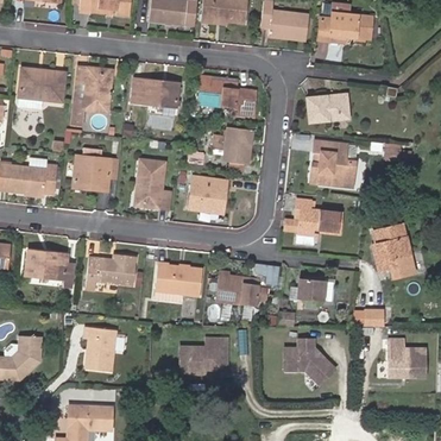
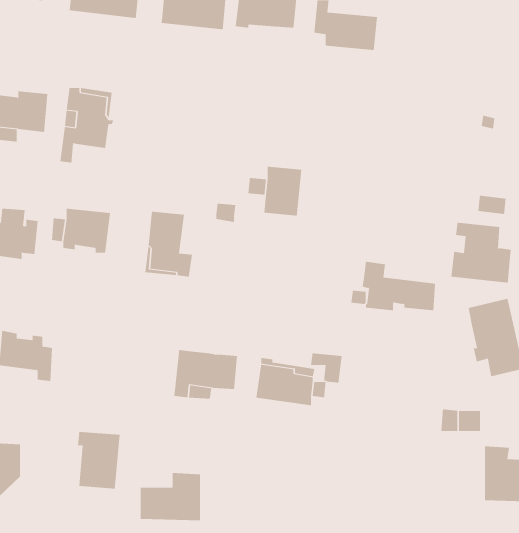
building: [317,14,371,43] -> none
building: [196,76,254,112] -> none
building: [131,78,177,106] -> none
building: [308,93,351,121] -> none
building: [310,140,355,185] -> [450,222,512,283]
building: [188,176,227,213] -> none
building: [87,251,138,288] -> none
building: [300,276,327,298] -> none
building: [184,330,229,366] -> [140,473,201,521]
building: [281,332,336,382] -> none

